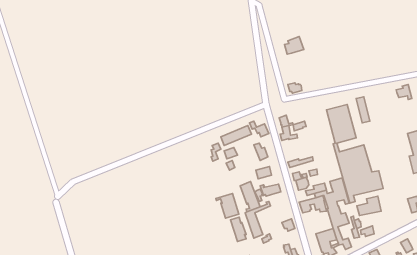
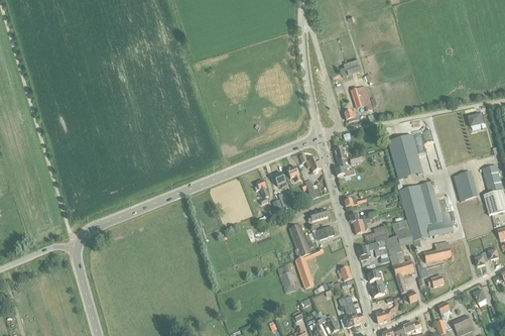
building: none -> [349,85,374,120]
building: none -> [453,171,478,201]
building: [216,193,239,218] -> none

